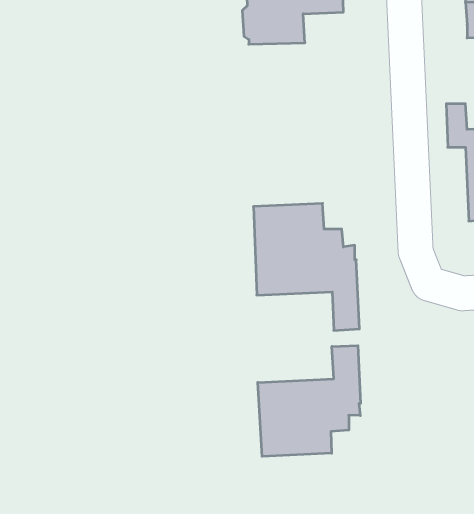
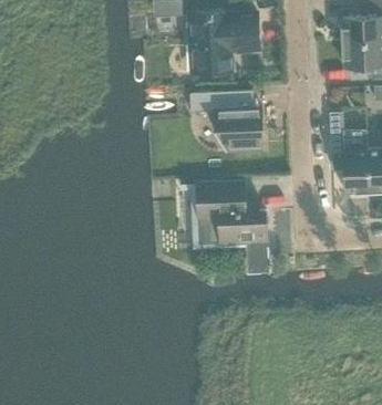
building: none -> [188,91,261,150]
building: [258,346,361,456] -> none

